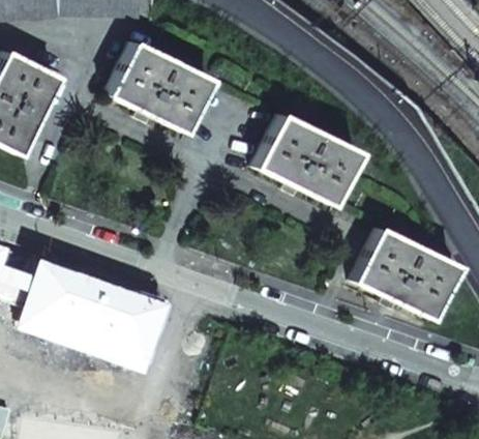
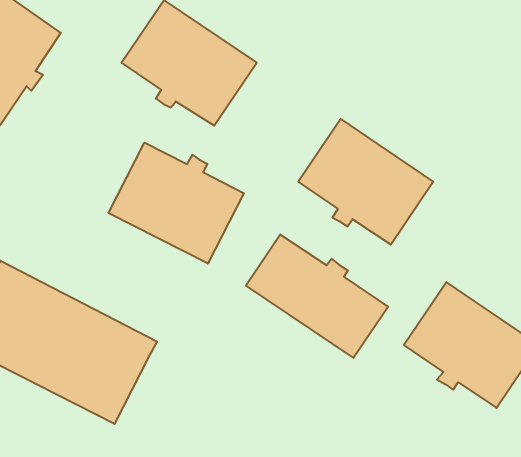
building: none -> [109,143,244,264]
building: none -> [246,234,388,358]

